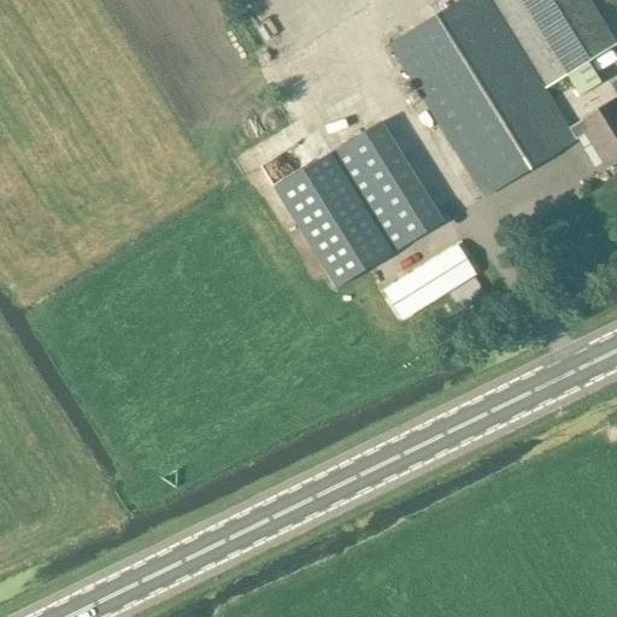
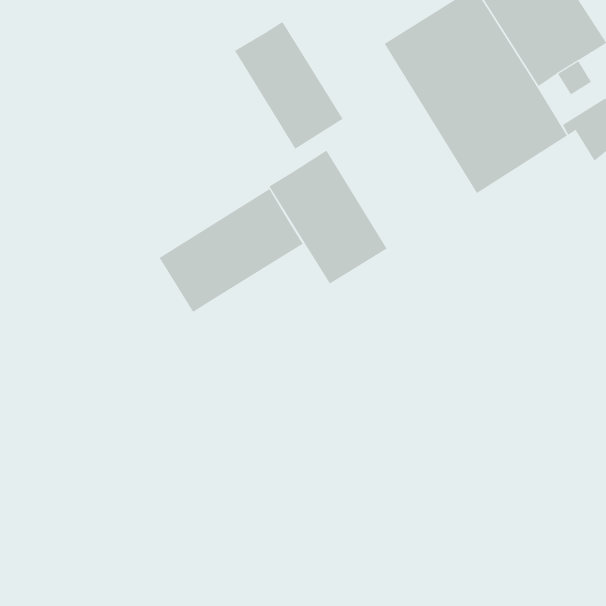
building: [333,122,443,252] -> [234,21,344,150]
building: none -> [159,188,304,312]
building: [386,243,475,317] -> none

